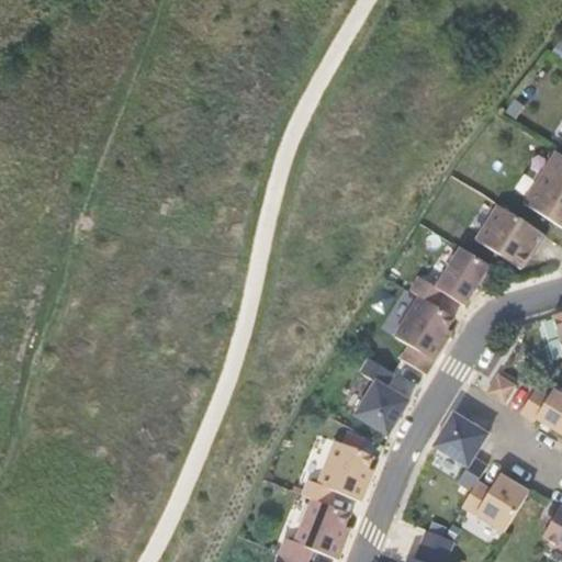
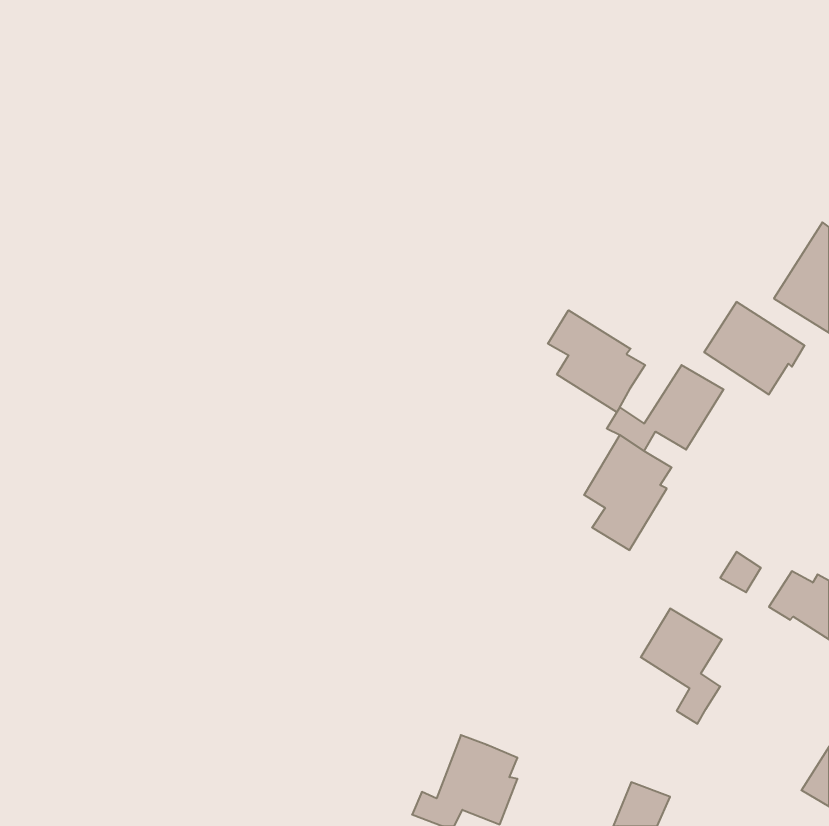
building: none -> [548,310,645,412]
building: [355,357,409,435] -> none
building: [303,440,373,504] -> none
building: [462,473,528,531] -> none

